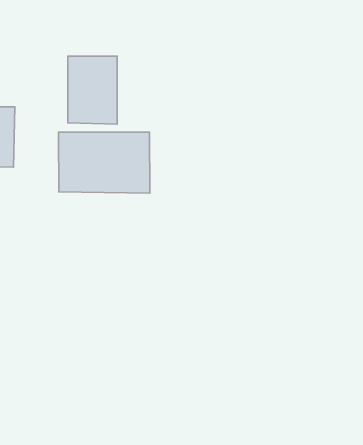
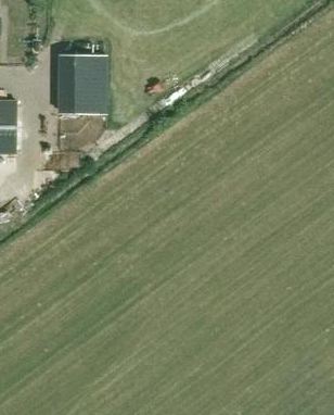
building: [59,132,150,193] -> none

